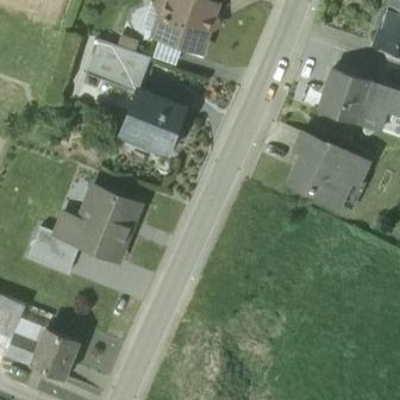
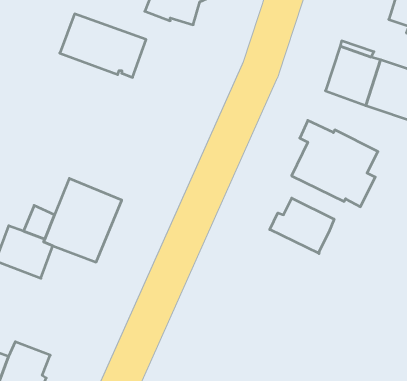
building: [120,89,183,150] -> none
building: none -> [270,198,334,254]

